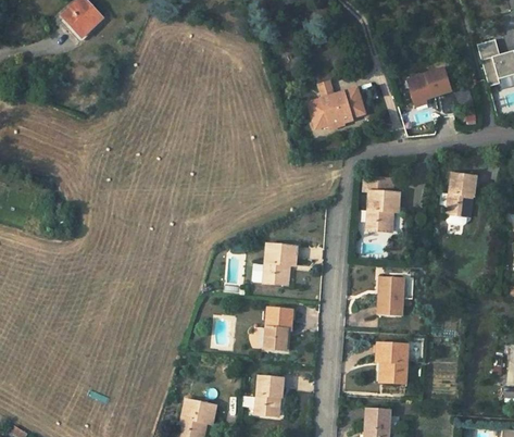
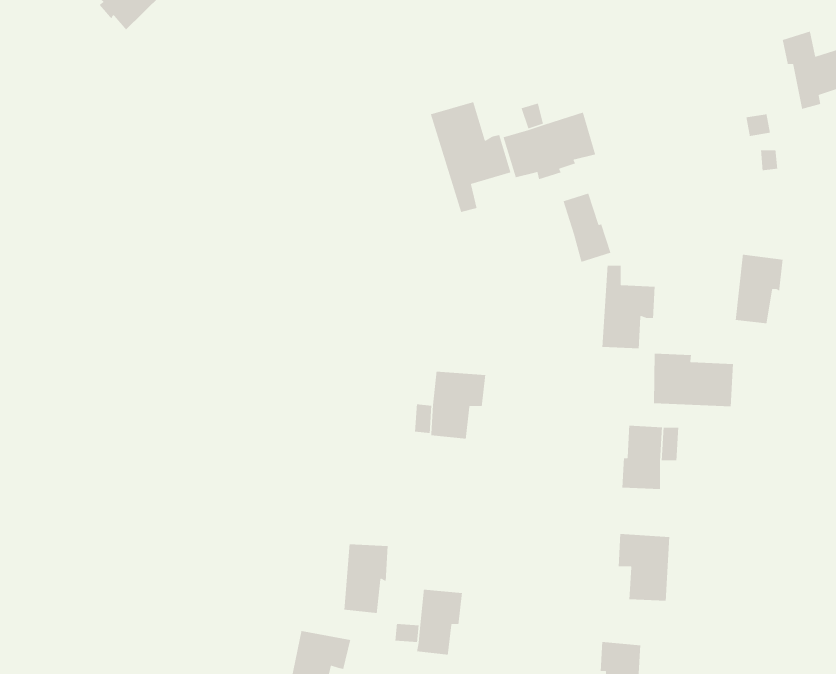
building: [406,67,450,101] -> none
building: none -> [430,101,512,213]
building: none -> [562,192,611,263]
building: none -> [653,353,734,407]
building: [264,308,291,350] -> [343,544,388,614]

